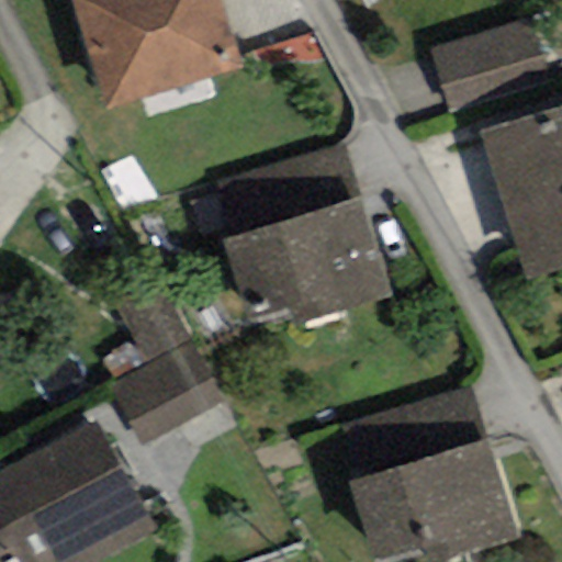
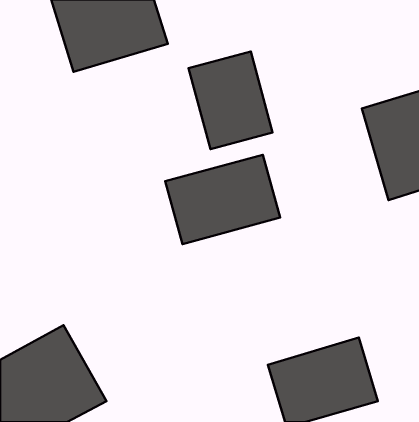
building: [436,18,551,108] -> none
building: none -> [189,51,273,149]
building: [123,285,234,442] -> none

